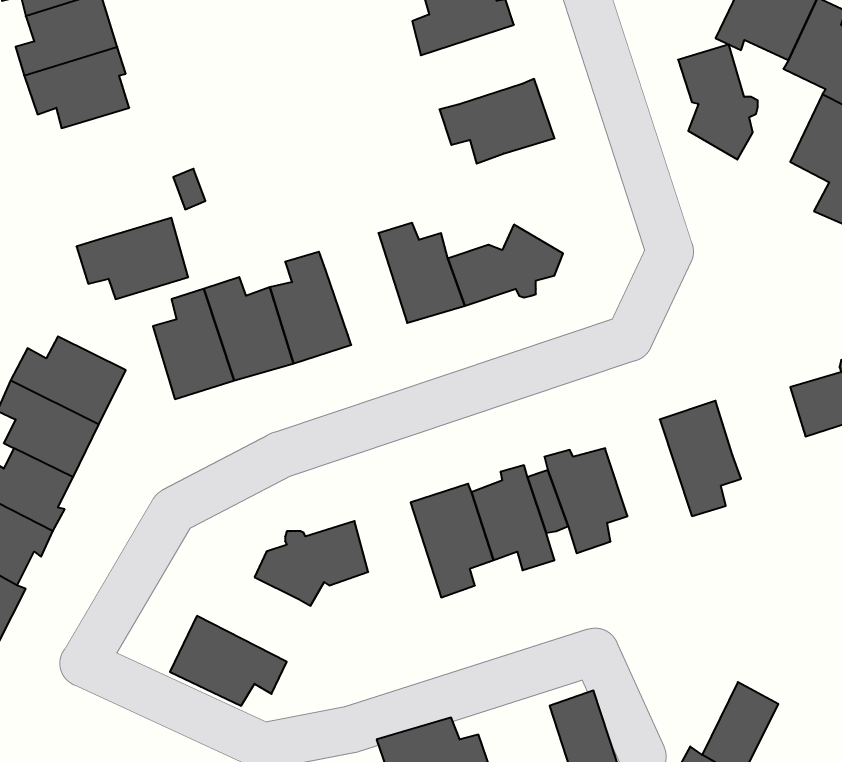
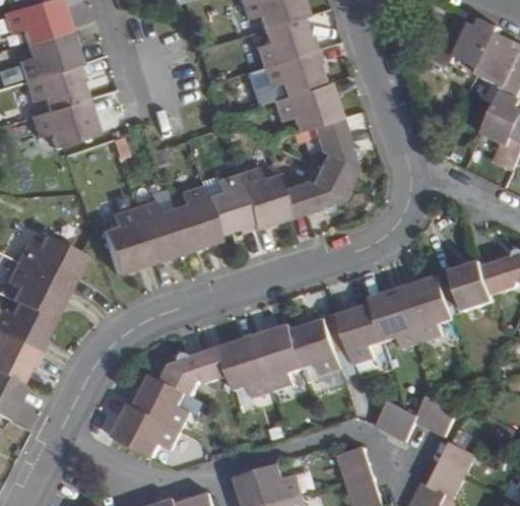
building: none -> [261,49,322,97]
building: [678,44,758,160] -> [311,117,359,186]
building: [76,218,188,299] -> [29,99,96,147]
building: none -> [204,174,253,235]
building: none -> [438,261,494,313]
building: none -> [370,286,424,350]
building: none -> [221,335,273,398]
building: none -> [127,375,191,431]
building: none -> [376,397,459,442]

